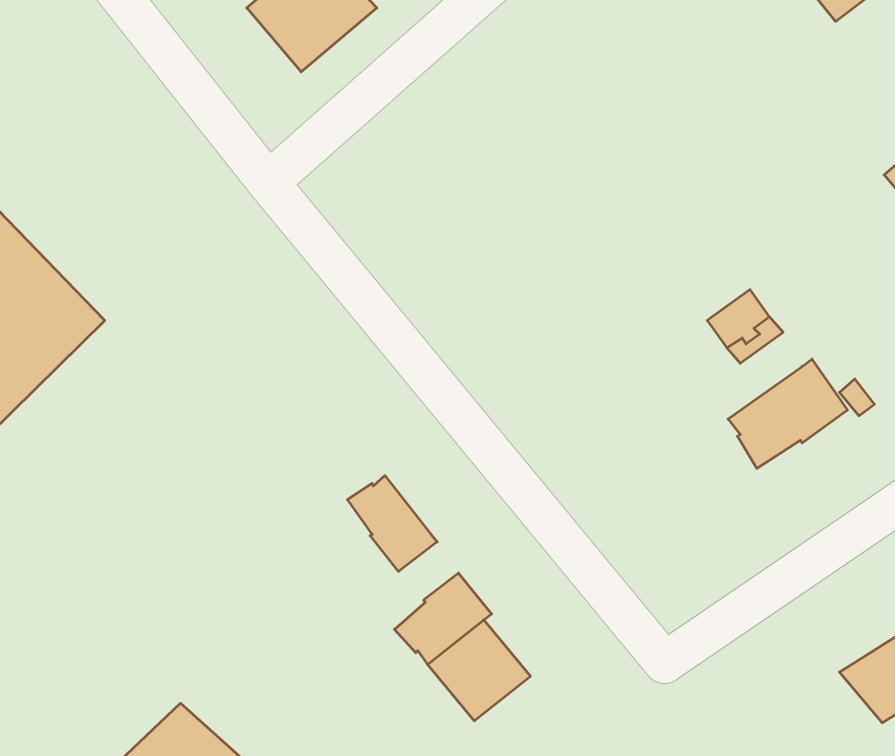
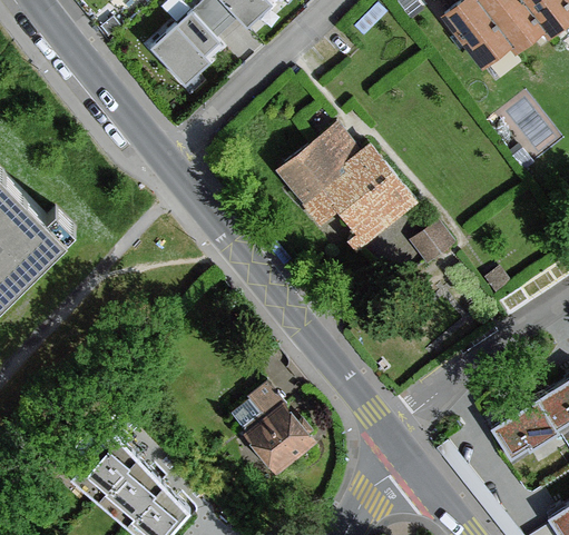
building: none -> [283,125,413,232]
building: [728,359,847,468] -> none
building: [347,476,437,571] -> none

